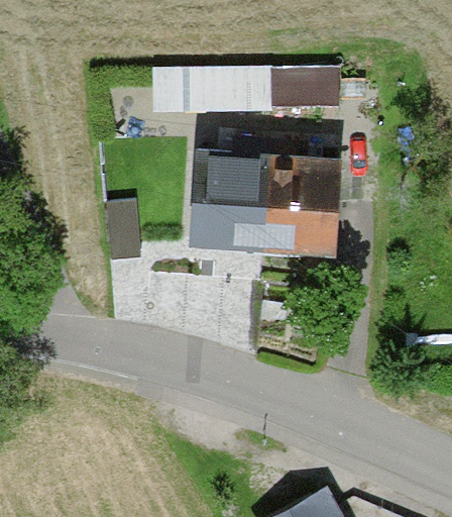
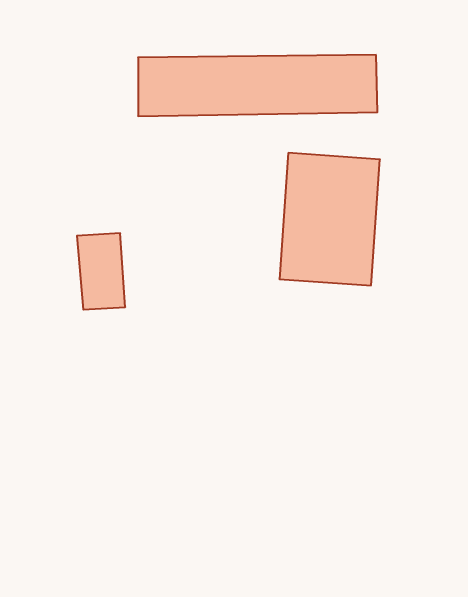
building: [197,134,269,238] -> none

